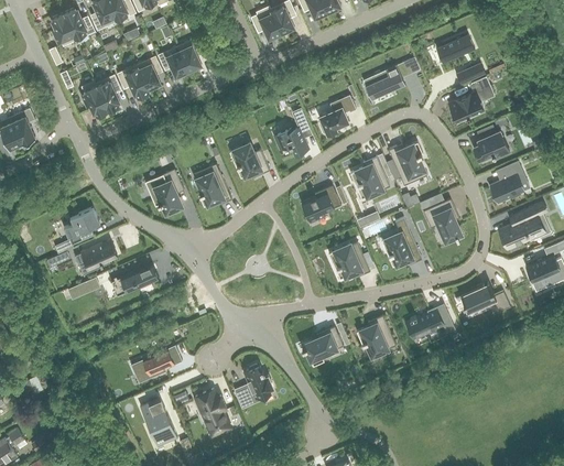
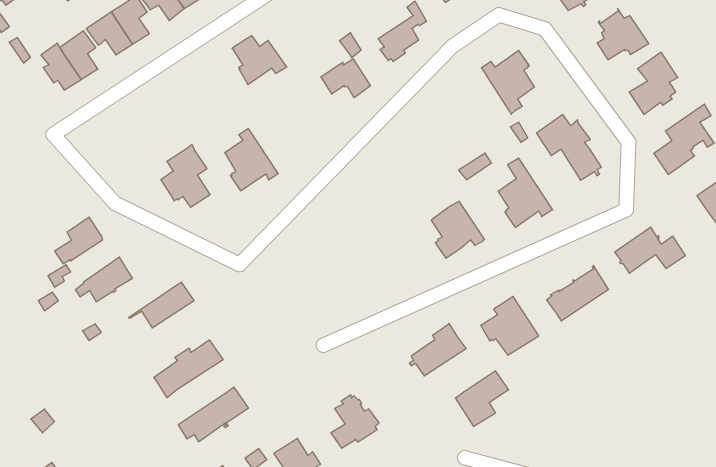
building: [235,144,271,178] -> [232,36,287,85]
building: [350,156,390,196] -> none
building: [302,185,341,224] -> none
building: none -> [154,340,223,398]
building: none -> [455,371,509,426]

